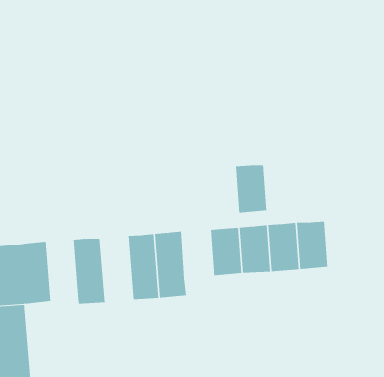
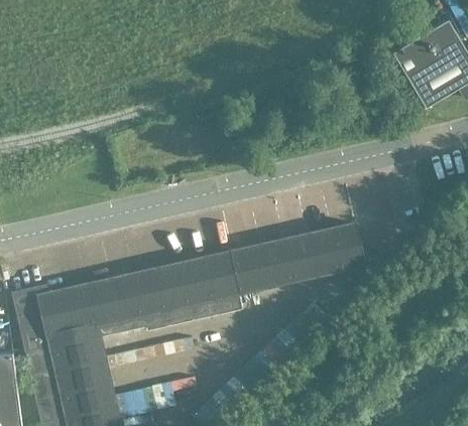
building: [235,165,267,213] -> [230,246,264,292]
building: none -> [158,262,196,324]
building: none -> [111,273,146,330]

